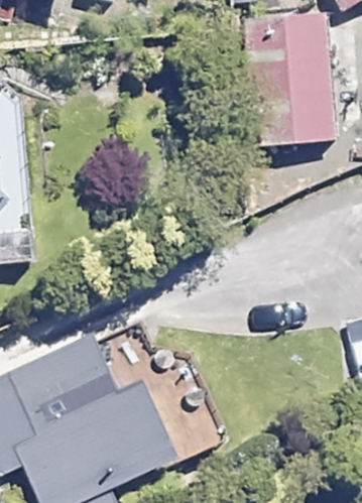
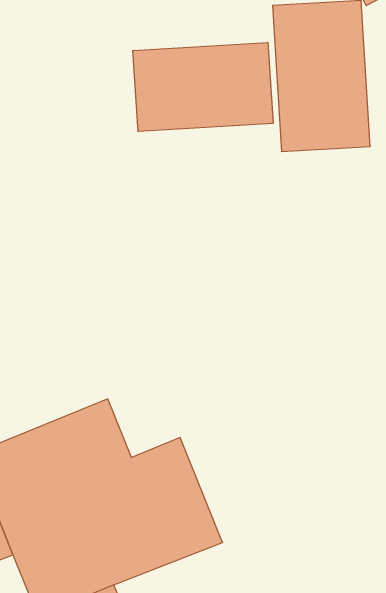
building: none -> [133,42,273,132]

